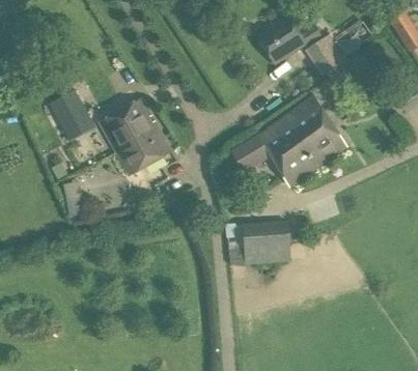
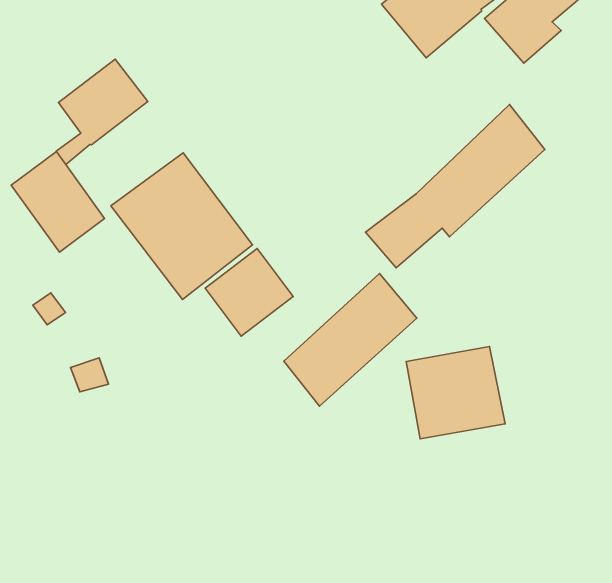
building: none -> [56,59,148,164]
building: [274,120,346,186] -> [284,274,417,406]
building: none -> [205,248,293,336]

